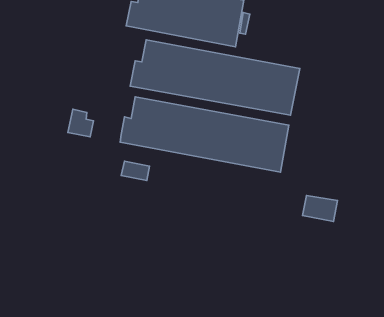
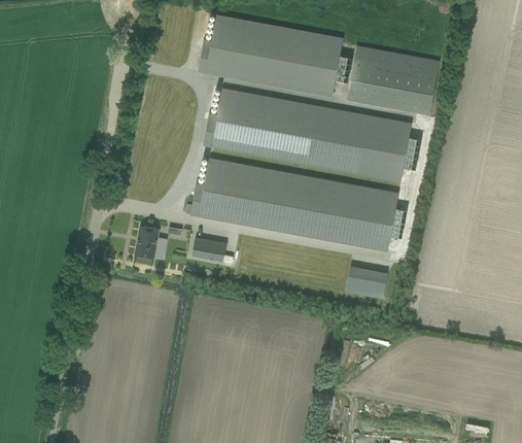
building: none -> [348,46,439,114]
building: [68,109,94,137] -> [136,226,168,260]
building: [302,195,338,221] -> [346,267,389,299]

